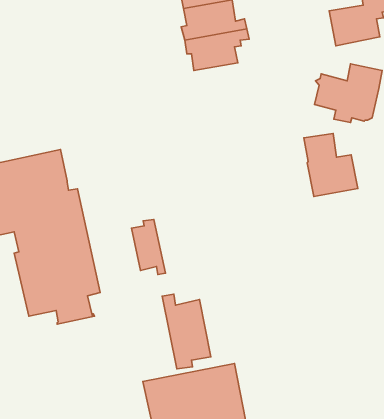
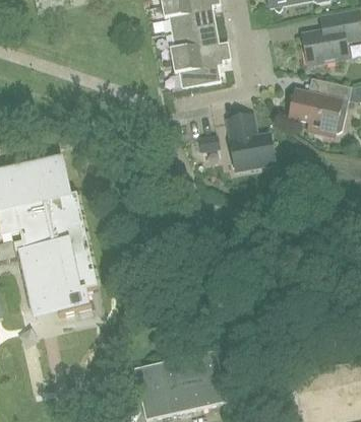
building: [304,133,358,197] -> [226,113,275,169]
building: [131,219,166,275] -> none
building: [162,294,211,369] -> none

